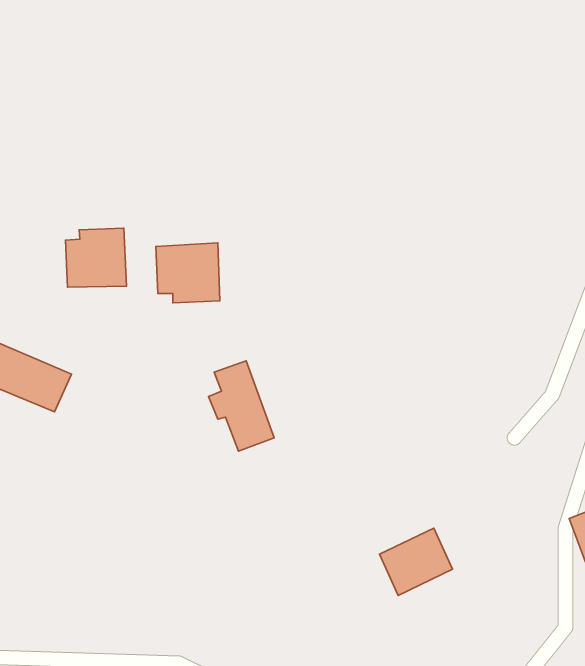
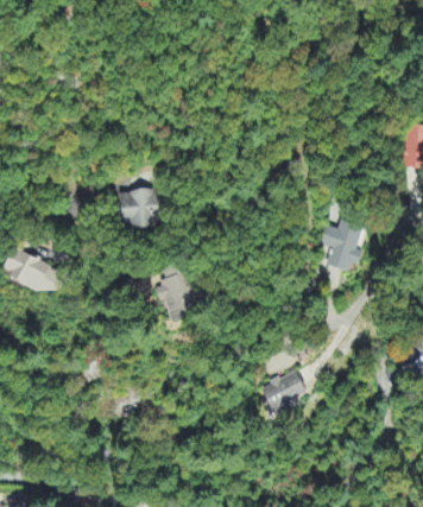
building: [65,228,127,287] -> none
building: none -> [318,220,364,272]

